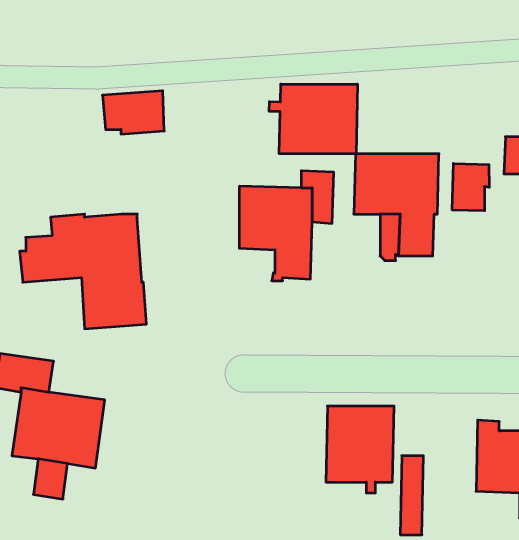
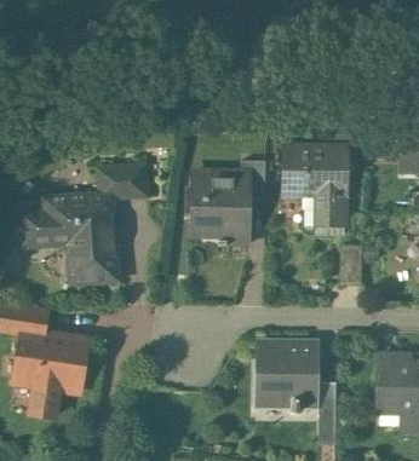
building: [269,84,357,154] -> none
building: [102,91,164,134] -> [97,163,145,197]
building: [452,163,489,211] -> none
building: none -> [339,244,361,286]

